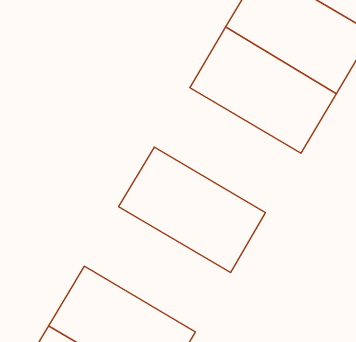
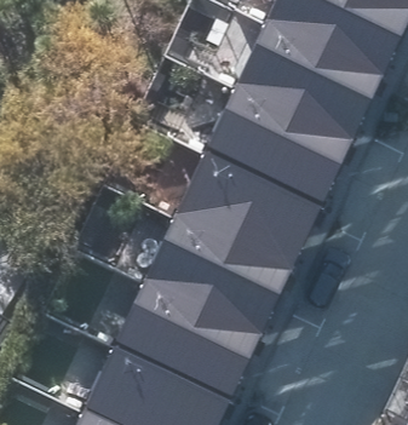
building: none -> [173,145,323,265]
building: none -> [114,274,264,394]

